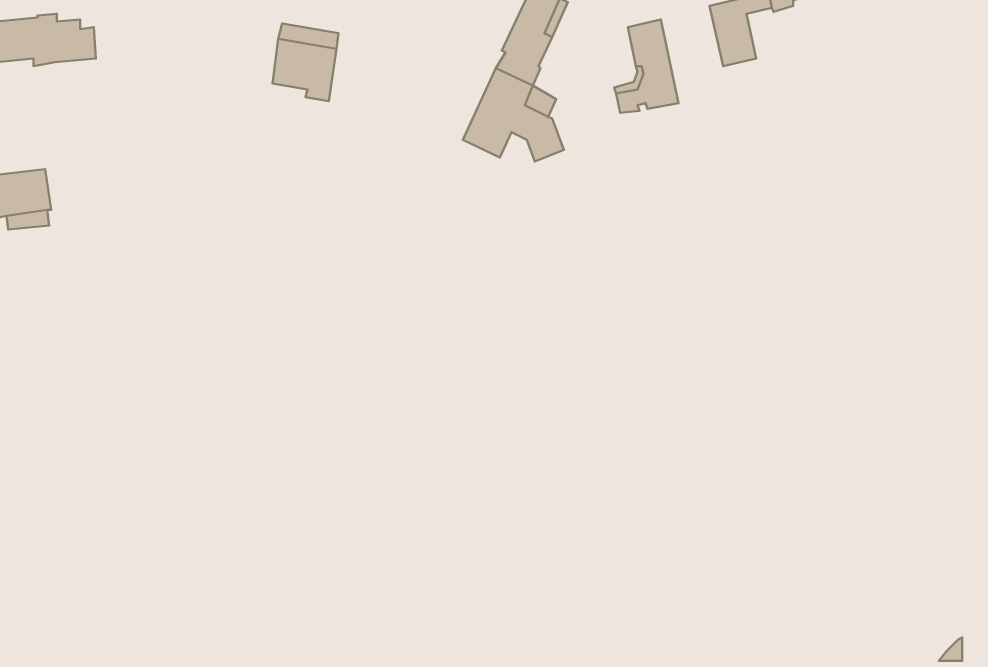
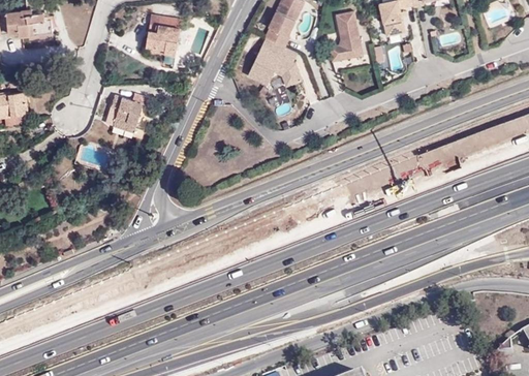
building: none -> [106,94,151,132]

